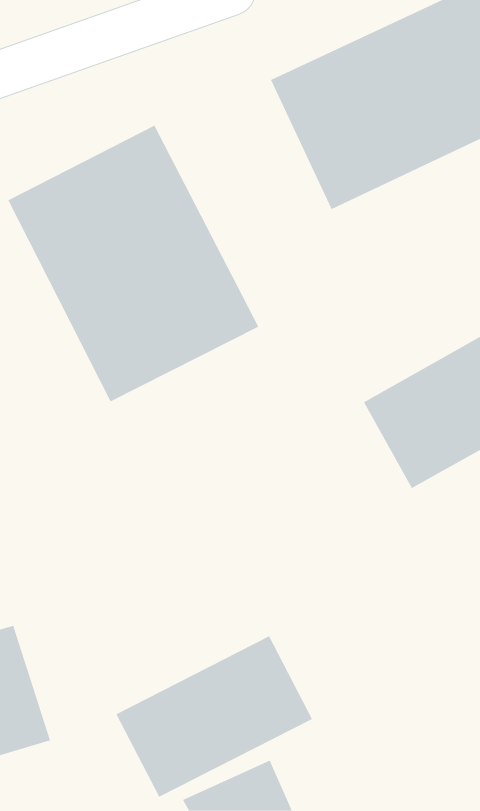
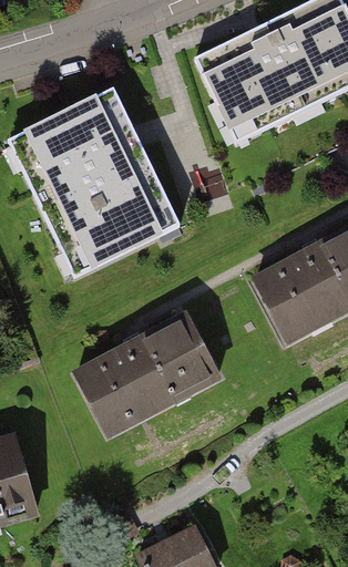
building: [116,636,313,798] -> [81,316,217,427]

